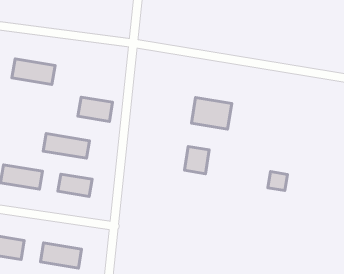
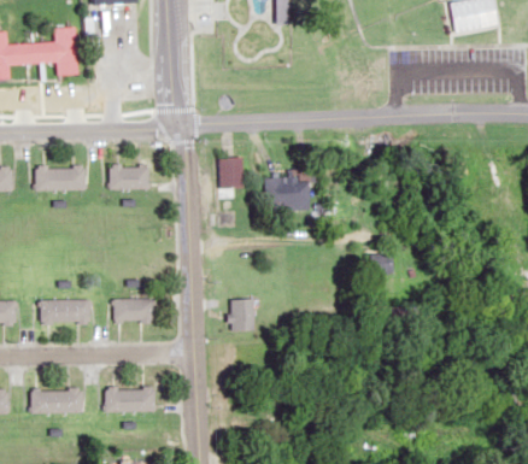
building: none -> [217,157,244,189]
building: [78,97,112,121] -> [108,165,148,189]
building: [43,134,89,158] -> none
building: [184,146,209,174] -> [229,299,256,329]

